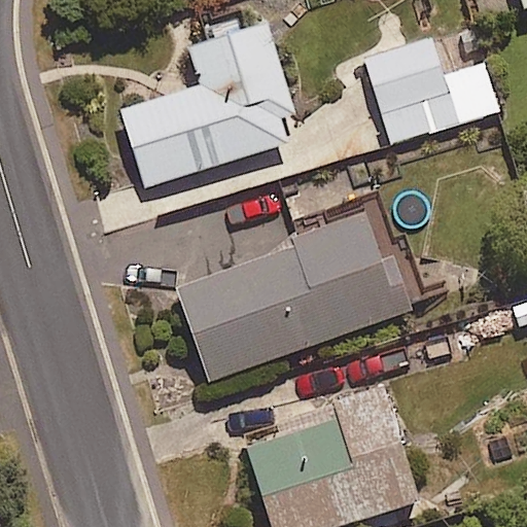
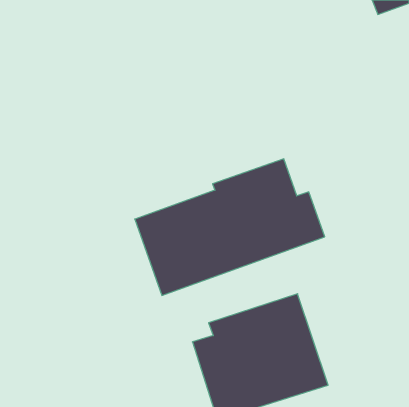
building: [122,22,294,187] -> none
building: [365,40,498,143] -> none

